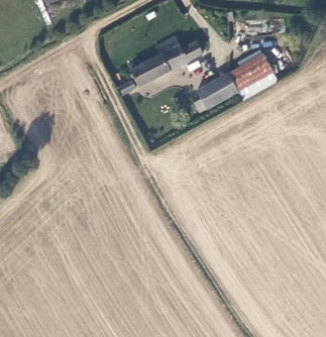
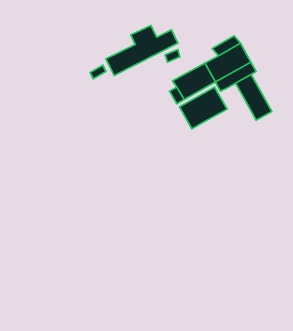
building: none -> [235,74,272,120]
building: none -> [179,87,227,129]

